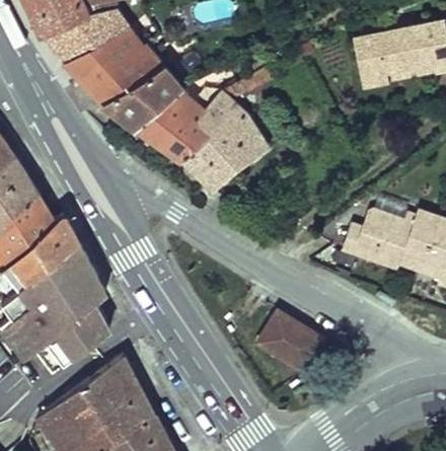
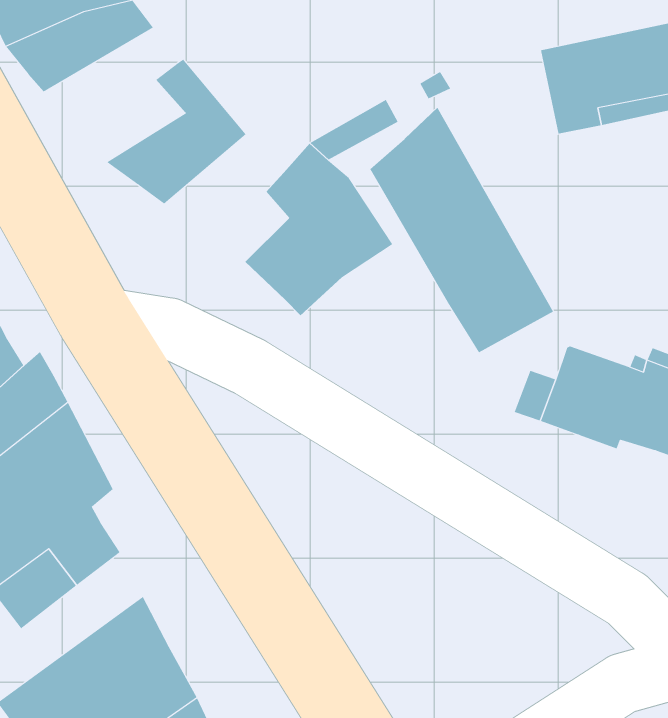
building: [65,25,147,103] -> none
building: [135,71,219,161] -> none
building: none -> [369,107,554,353]
building: [257,312,325,374] -> none

